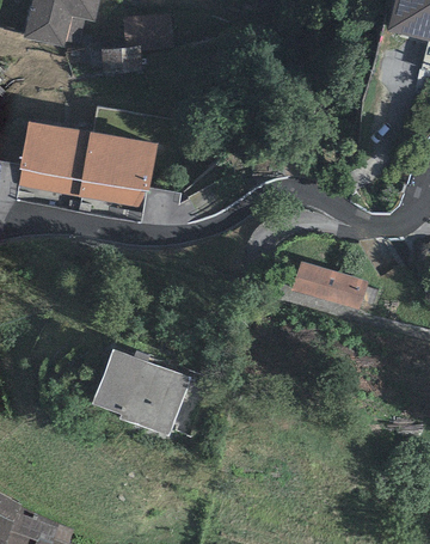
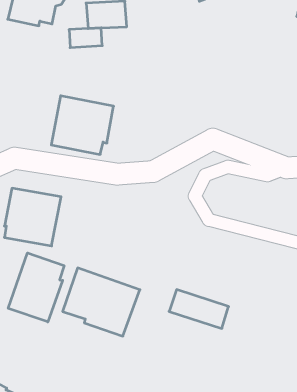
building: [18,122,90,195] -> [4,188,61,246]
building: [293,262,368,311] -> [169,290,229,328]
building: none -> [8,253,64,322]

